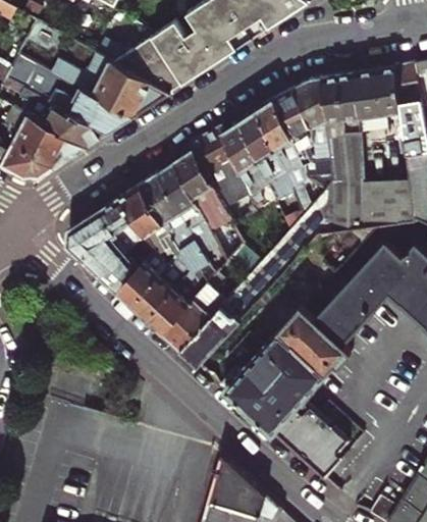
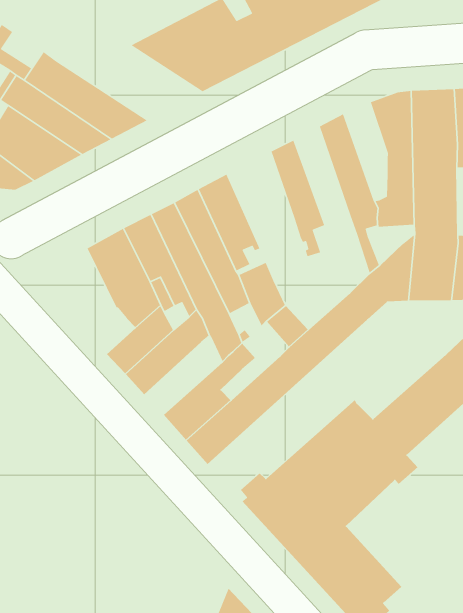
building: [49,53,168,116] -> none
building: [273,88,310,160] -> none
building: [238,109,290,196] -> none
building: [188,125,250,207] -> none
building: [67,214,135,291] -> none
building: [146,270,201,331] -> none

